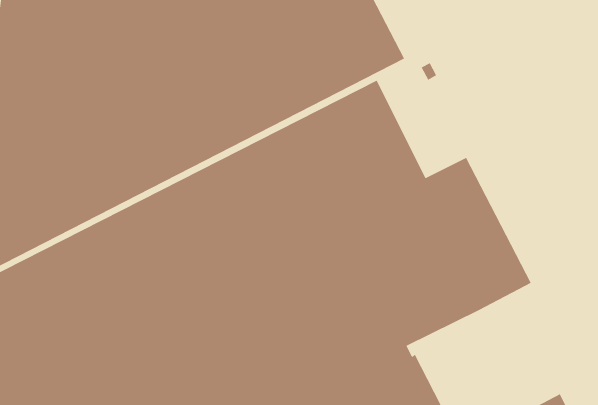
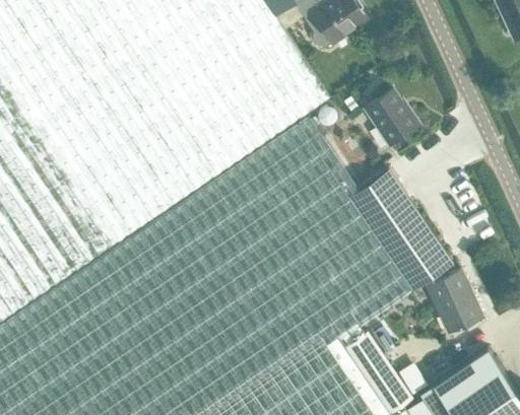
building: none -> [367,90,417,141]
building: none -> [429,269,481,331]

